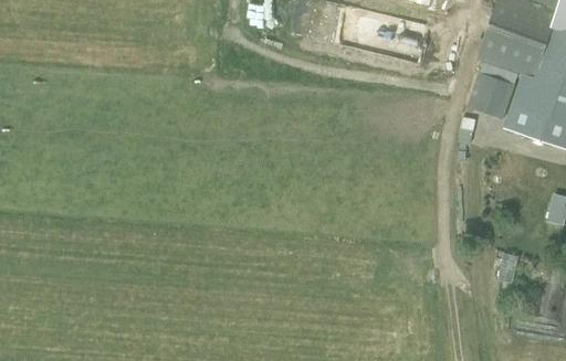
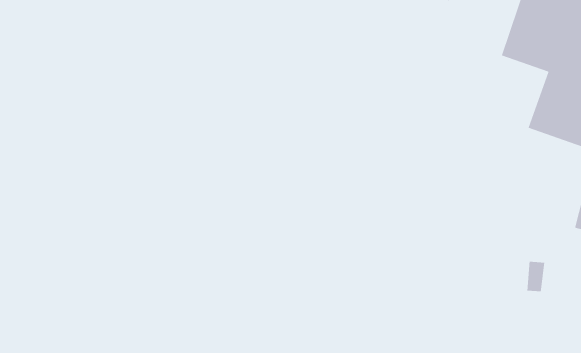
building: [465,71,515,119] -> none

